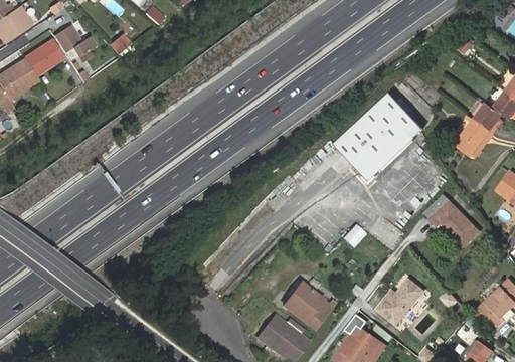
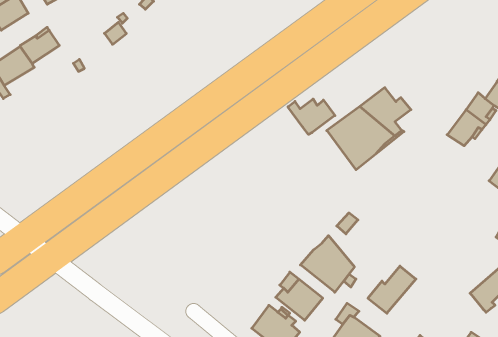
building: [54,23,96,53] -> none
building: none -> [288,99,335,134]
building: [424,194,479,246] -> none
building: none -> [300,236,354,292]

